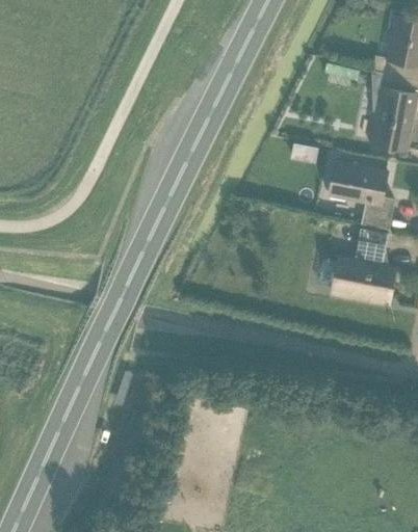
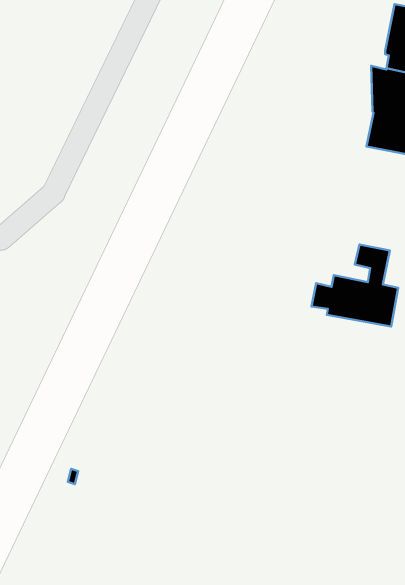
building: [331,156,395,222] -> none

